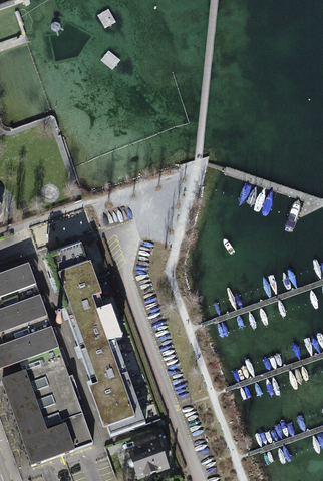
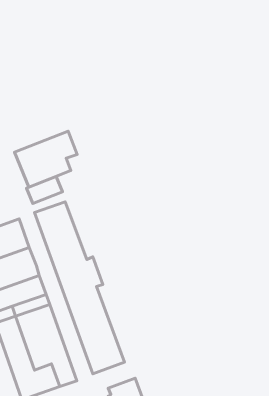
building: none -> [15,131,77,187]

